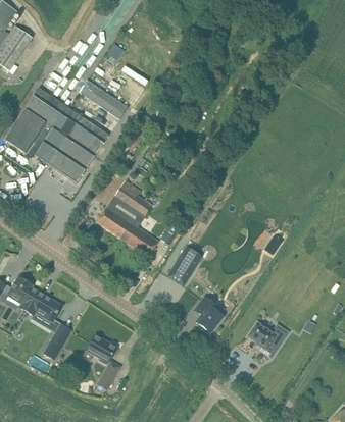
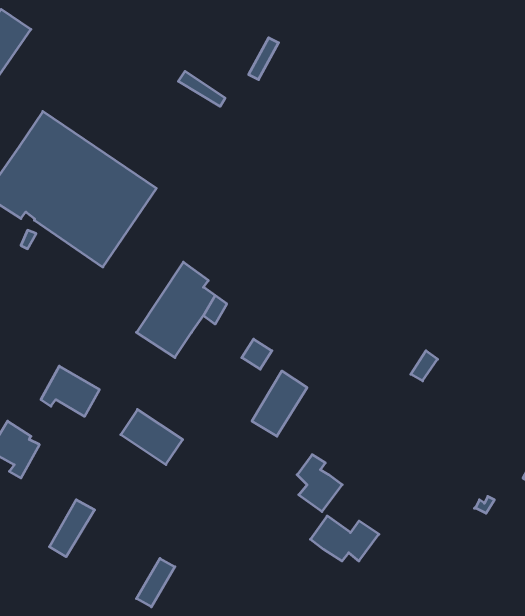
building: [79,78,128,119] -> none
building: [120,222,158,256] -> [121,409,183,465]
building: [27,291,62,321] -> [41,366,99,416]
building: [247,321,289,349] -> [310,516,379,561]
building: [87,334,116,361] -> none

